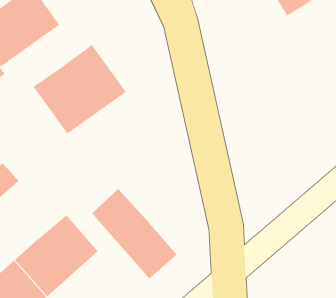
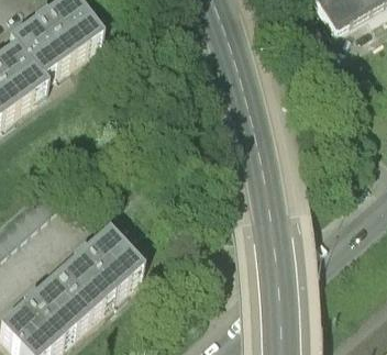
building: [33,44,127,135] -> none
building: [91,188,177,279] -> none

